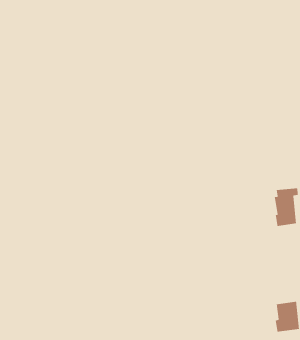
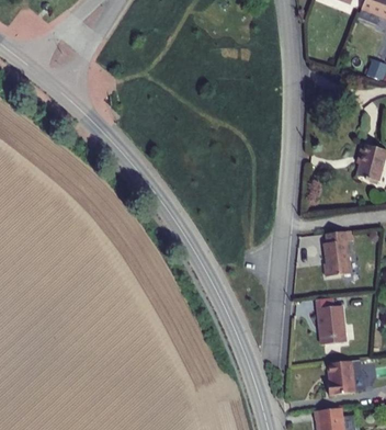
building: none -> [319,297,349,343]

